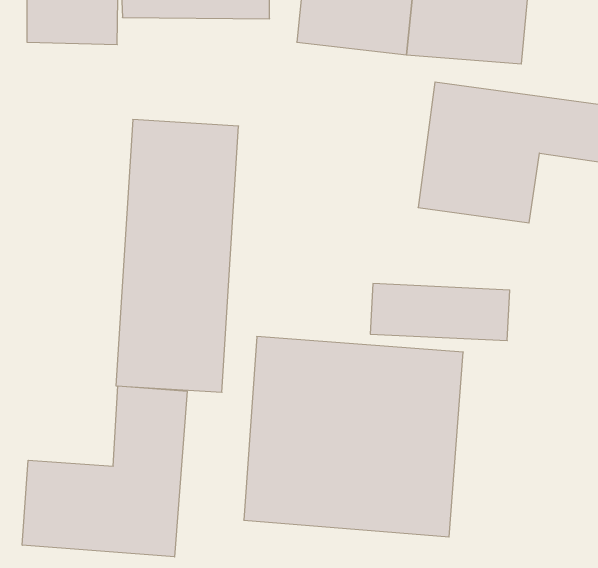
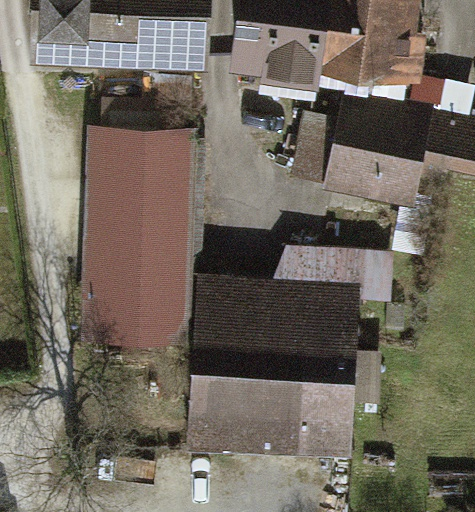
building: [22,386,187,557] -> none

